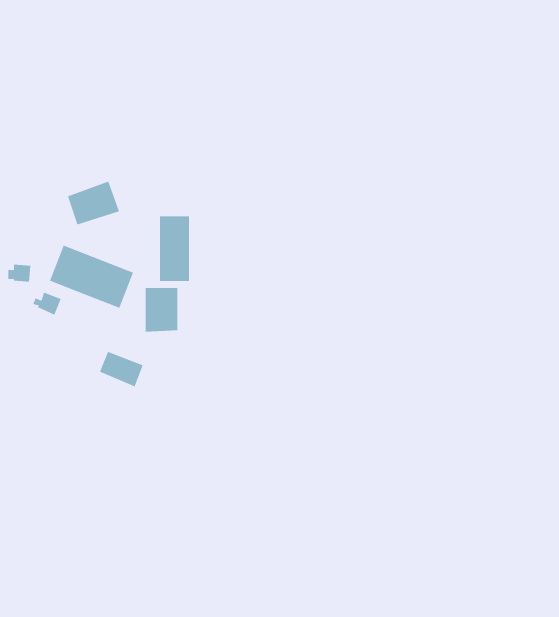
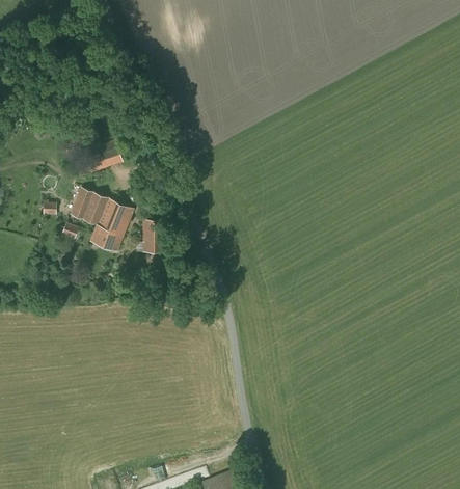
building: [159,216,190,282] -> none
building: [99,351,144,387] -> [89,224,123,251]

